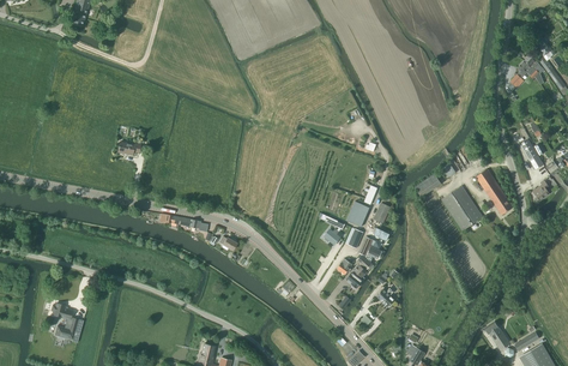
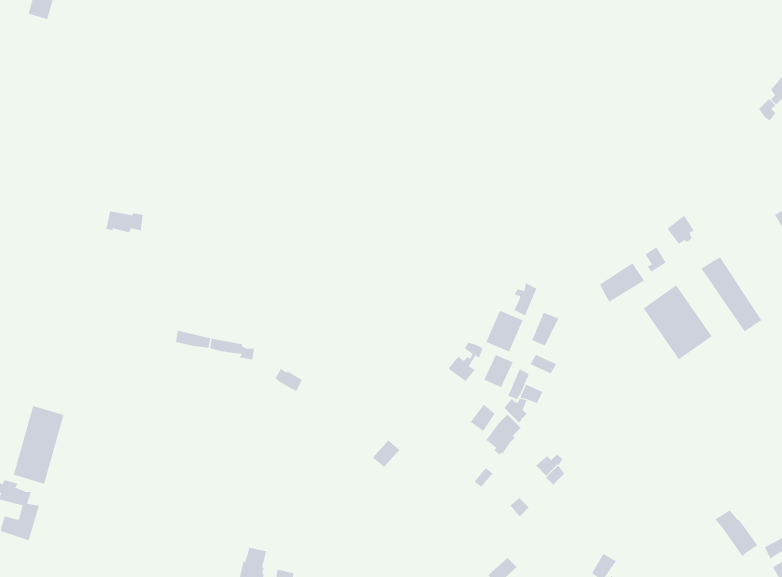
building: none -> [13,405,64,484]

